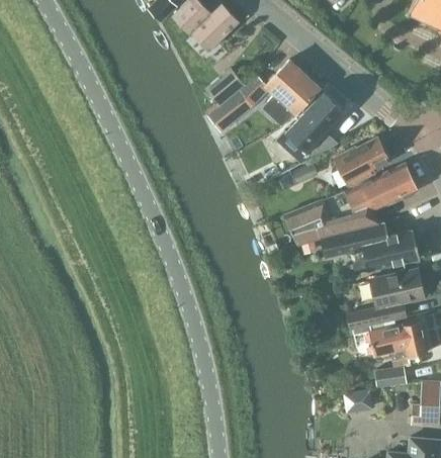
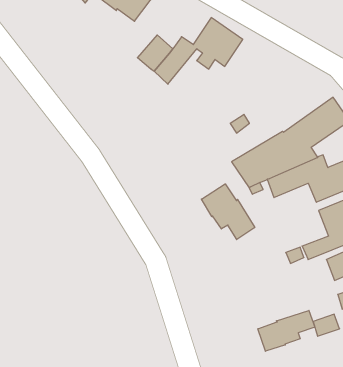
building: [275,91,344,163] -> none
building: [333,139,387,182] -> none
building: none -> [201,184,255,240]
building: none -> [258,310,315,351]

